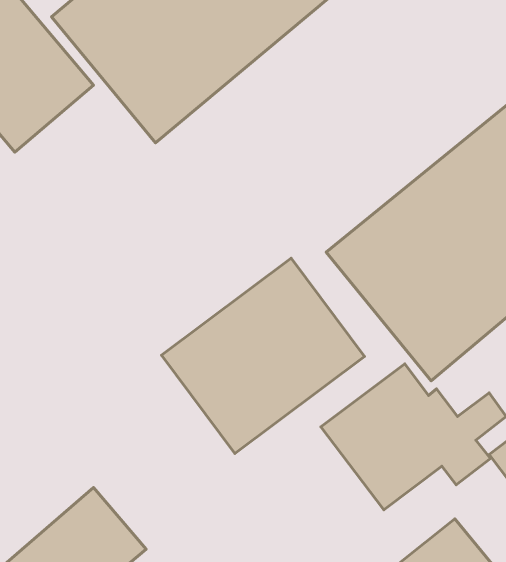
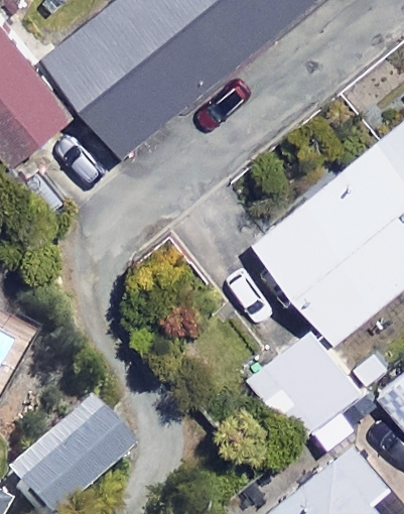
building: [162,258,364,454] -> none

